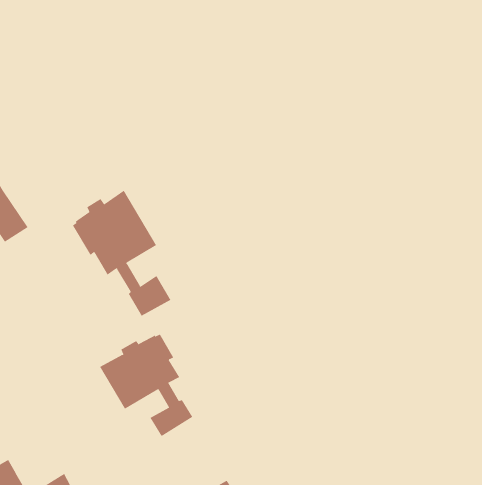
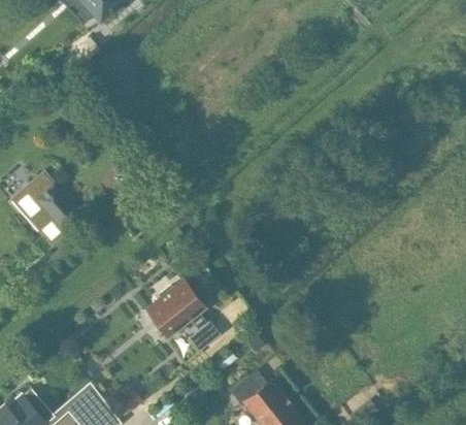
building: [72,190,171,317] -> none

